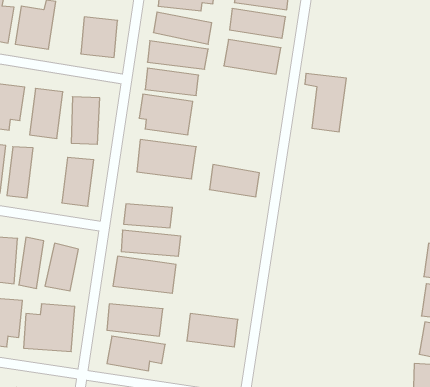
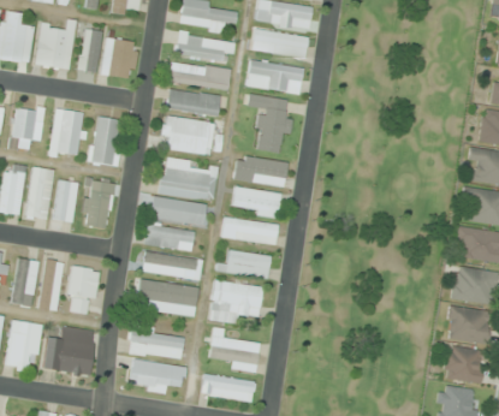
building: none -> [78,28,102,72]
building: [305,73,346,132] -> [248,94,290,153]
building: none -> [233,154,286,186]
building: none -> [54,179,77,221]
building: none -> [149,195,207,225]
building: none -> [221,216,278,243]
building: none -> [216,249,271,278]
building: none -> [209,281,262,322]
building: none -> [201,373,255,402]

